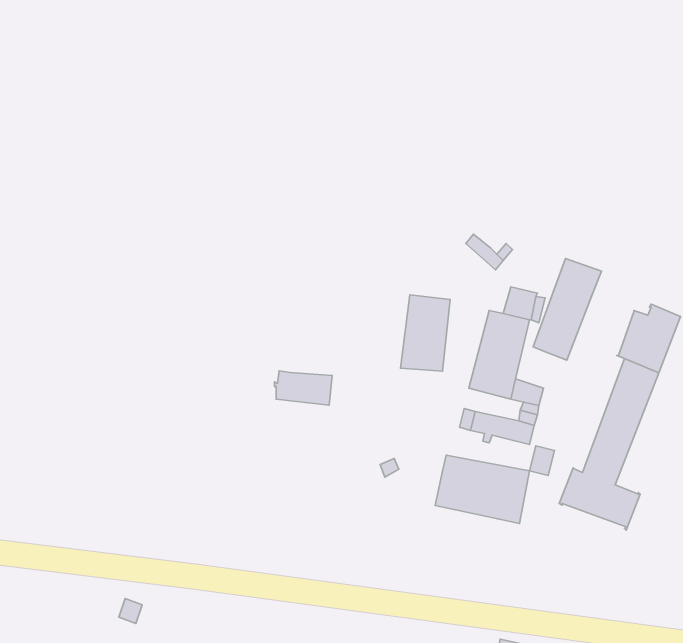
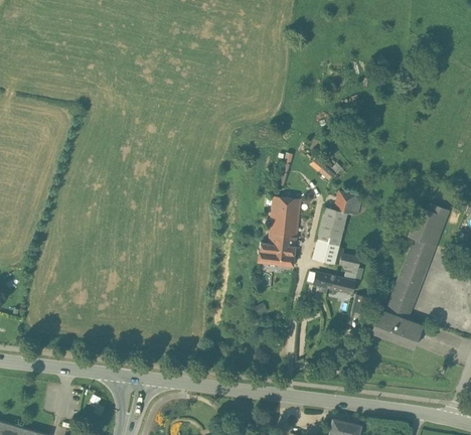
building: [533,259,601,360] -> none
building: [275,371,332,405] -> [258,244,295,266]
building: [435,455,530,524] -> none

